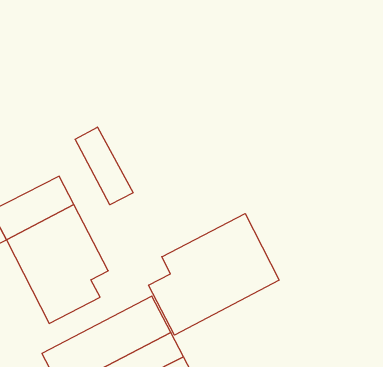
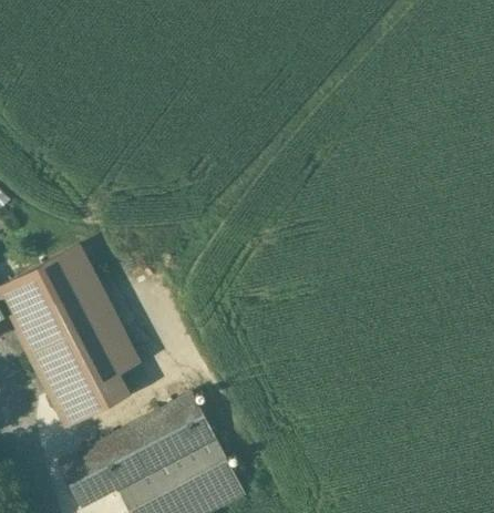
building: [75,127,133,205] -> none
building: [149,214,279,335] -> none

